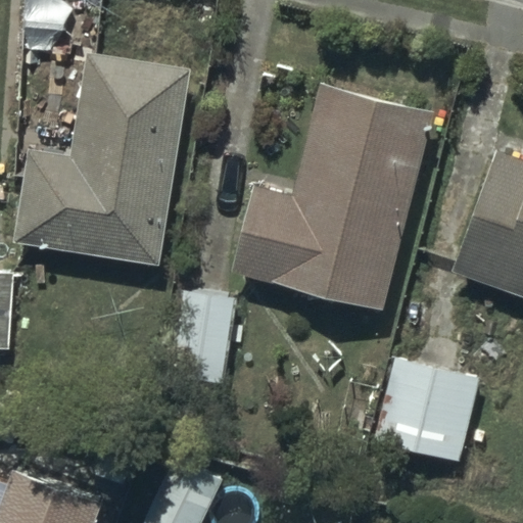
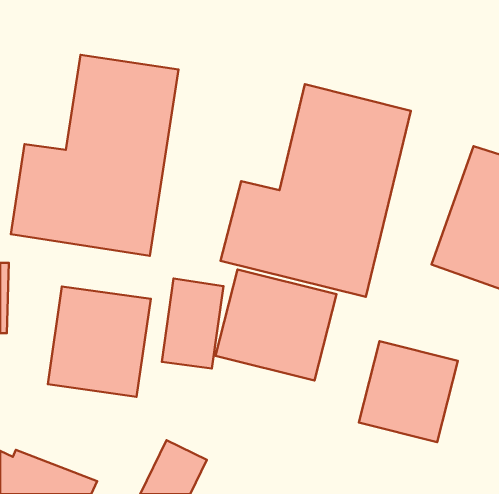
building: none -> [216,269,336,381]
building: none -> [48,286,151,397]

